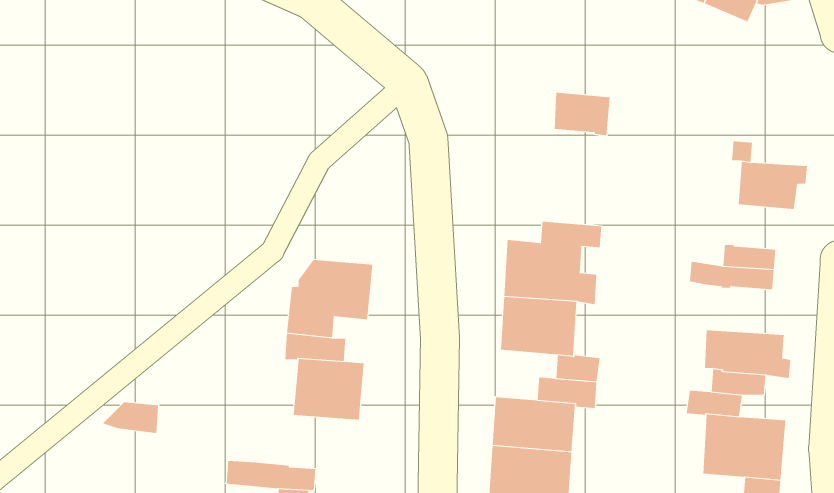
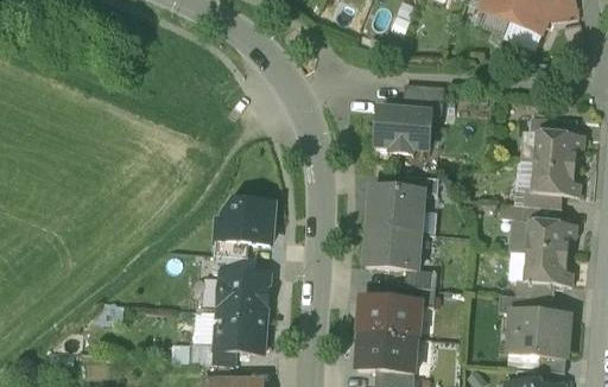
building: none -> [374,108,432,154]
building: none -> [532,161,581,196]
building: none -> [509,218,577,254]
building: none -> [216,311,266,351]

